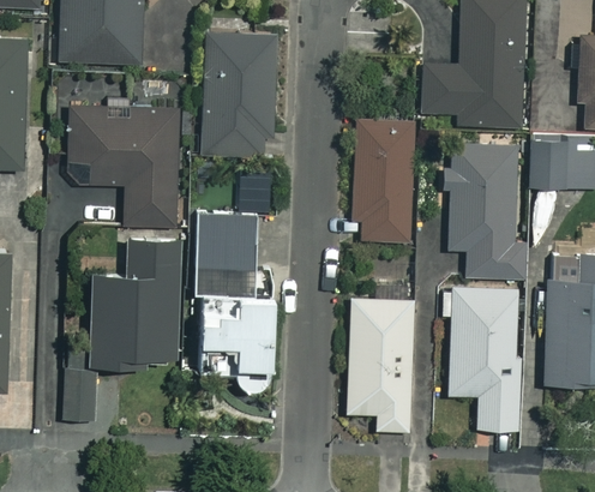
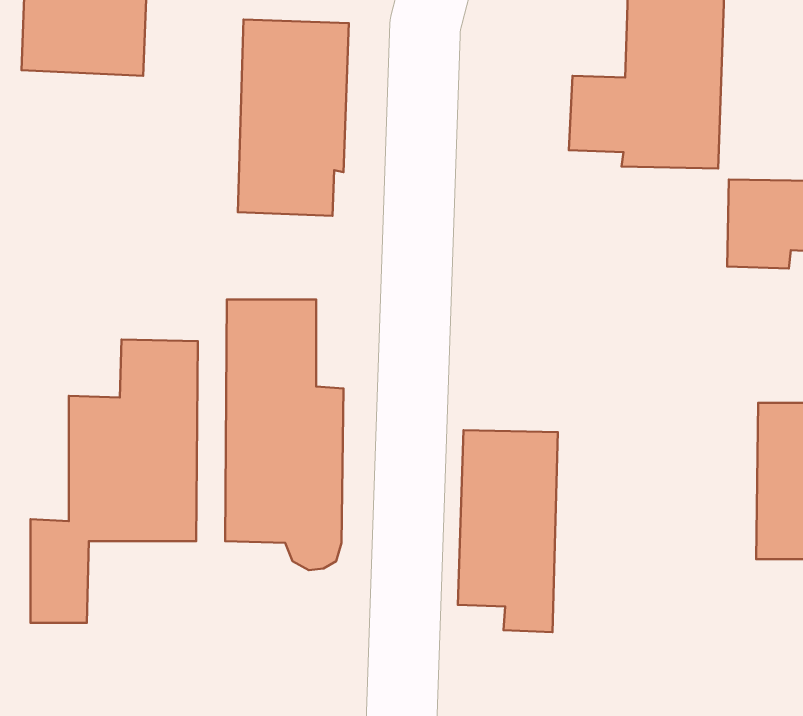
building: [71,108,176,224] -> none
building: [354,120,411,241] -> none
building: [449,145,525,277] -> none
building: [450,287,519,430] -> none

